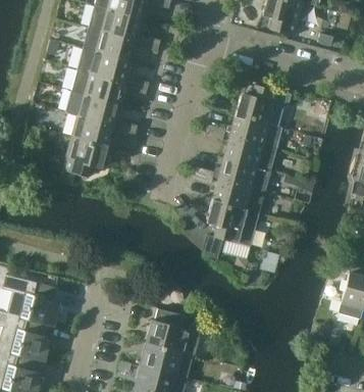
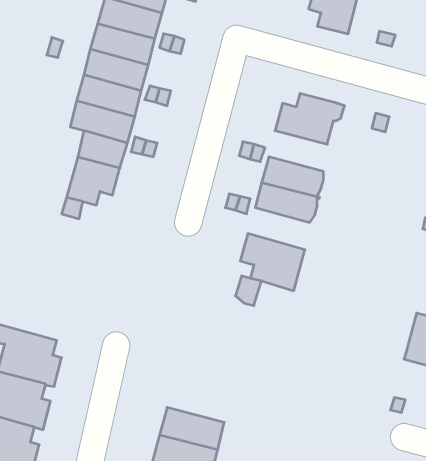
building: [229,115,282,149] -> none
building: [212,179,265,213] -> none
building: [146,309,199,355] -> none

